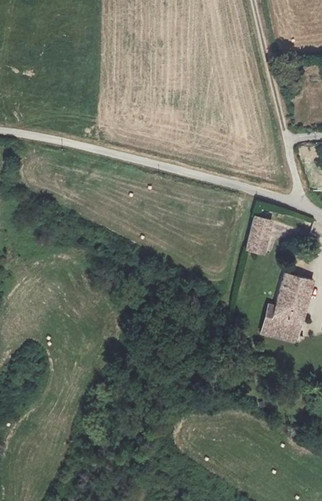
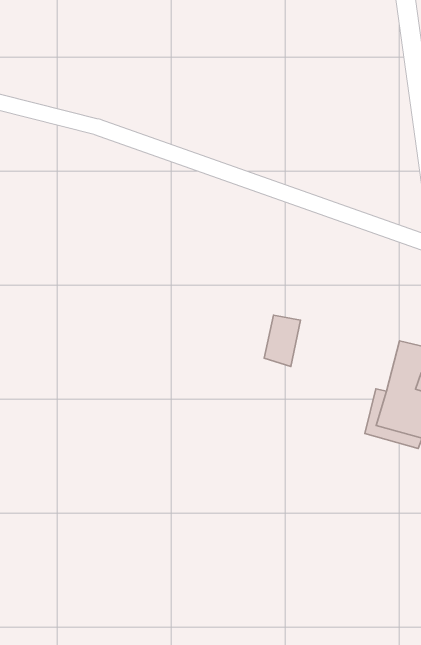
building: [245,221,267,254] -> [264,315,301,366]

